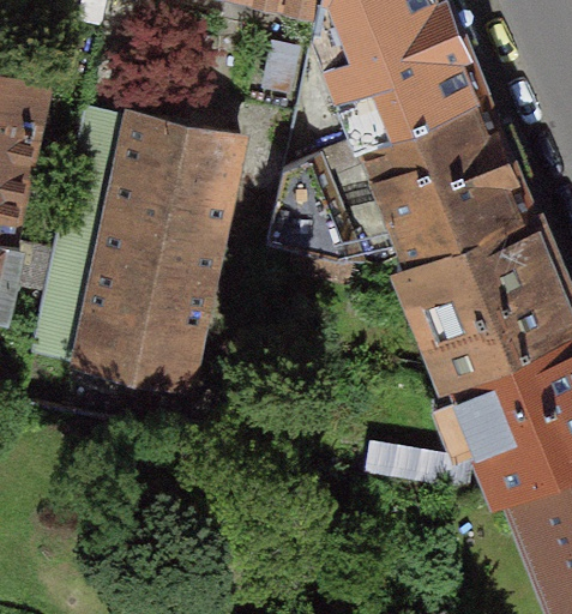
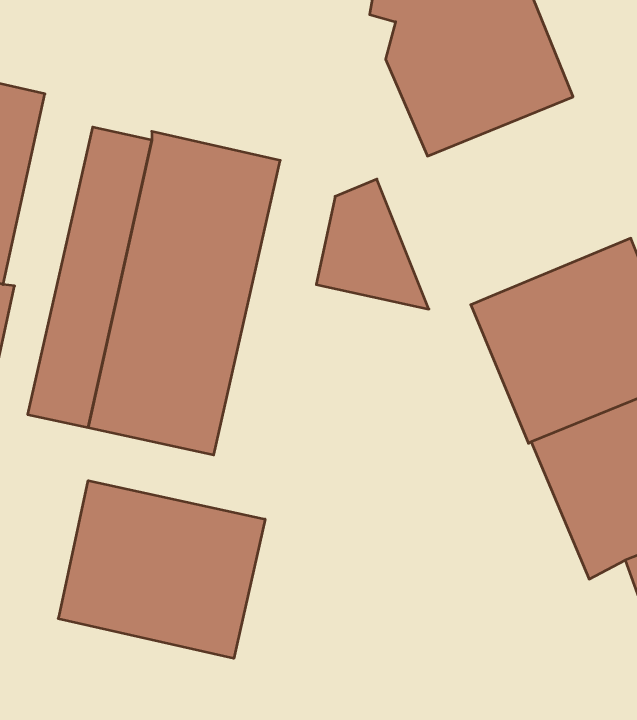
building: [366,95,535,261] -> none
building: none -> [58,481,265,658]

